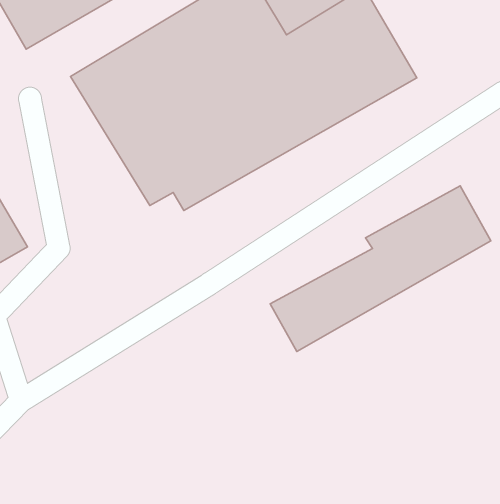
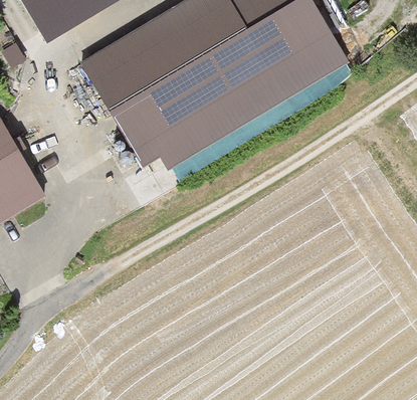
building: [270,186,491,351] -> none

